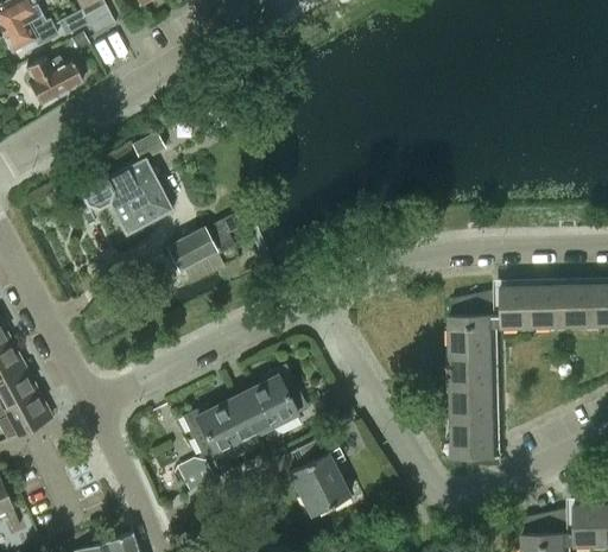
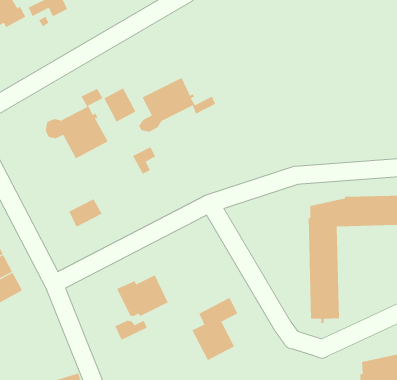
building: [26,56,82,104] -> none
building: none -> [139,77,216,132]
building: none -> [103,87,136,122]
building: [169,230,216,271] -> [69,199,102,227]
building: [236,363,305,434] -> none

